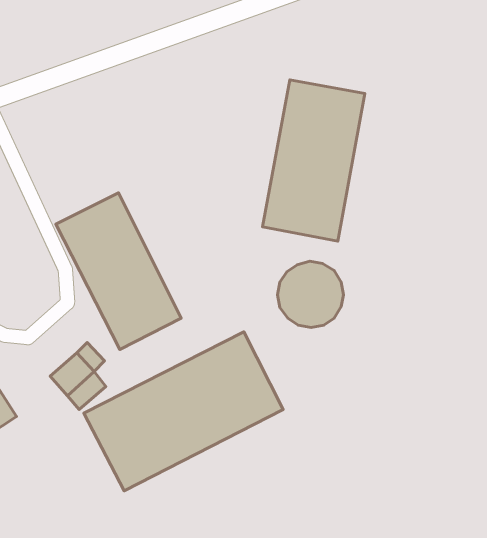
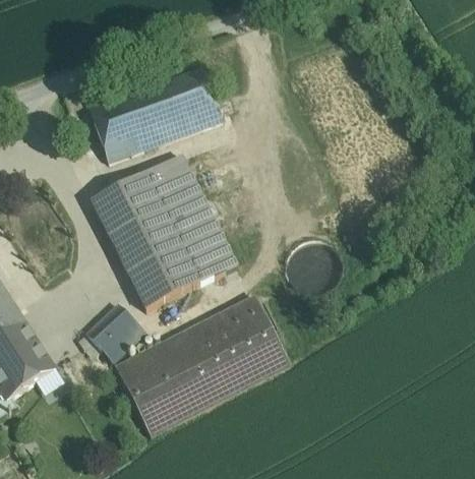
building: none -> [85,62,220,161]
building: [263,80,365,241] -> none
building: none -> [145,156,237,284]

